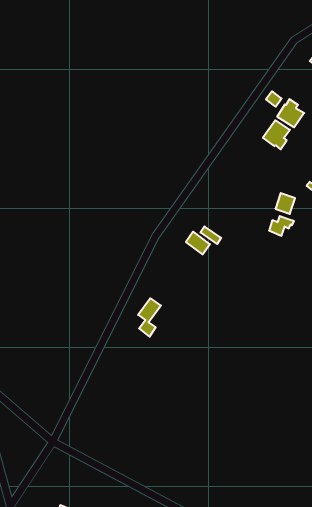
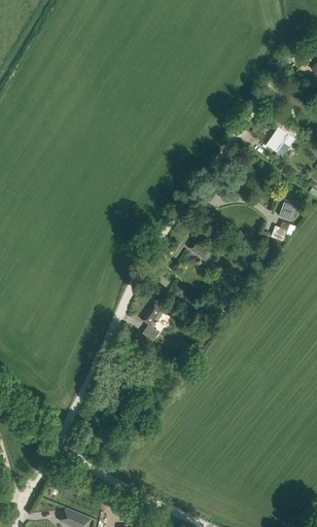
building: [277,99,304,127] -> none

